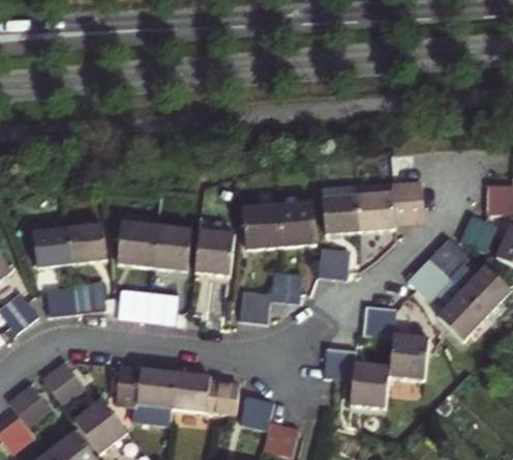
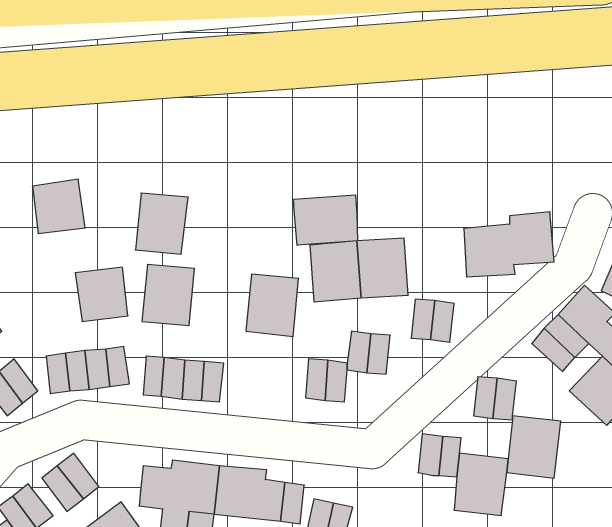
building: none -> [294,195,357,245]
building: [322,194,359,233] -> none
building: [152,224,191,269] -> [135,193,188,254]
building: [33,227,72,267] -> [32,179,85,233]

